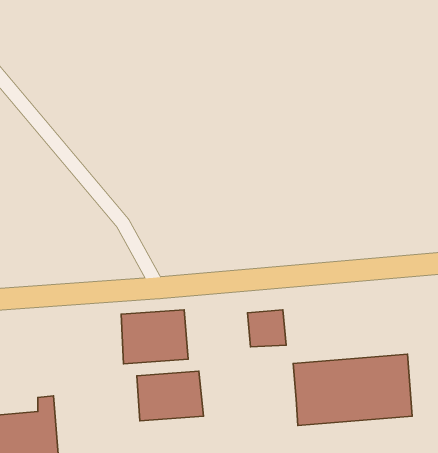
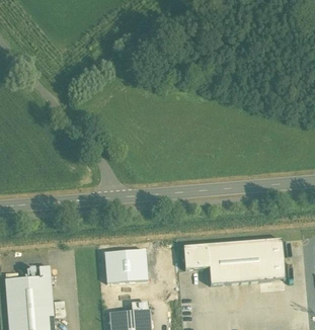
building: [247,310,286,347] -> [183,245,209,269]
building: [121,310,188,364] -> none

